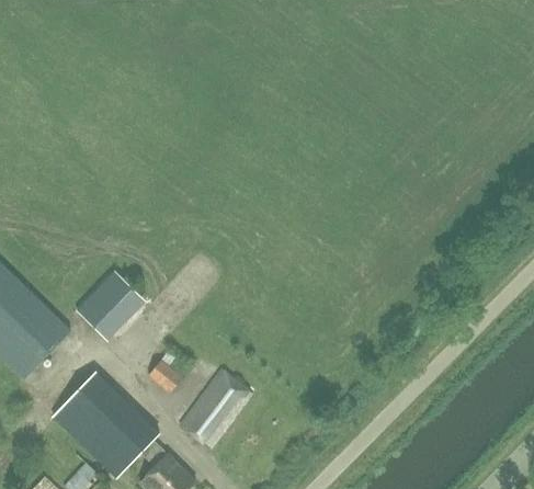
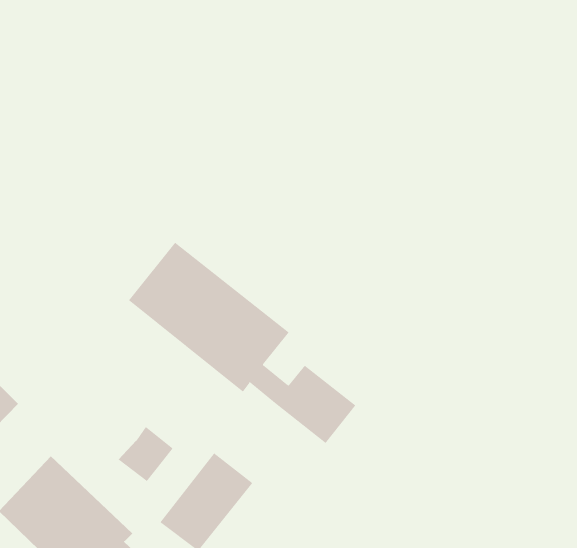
building: none -> [128,242,356,444]
building: [80,264,149,334] -> none

